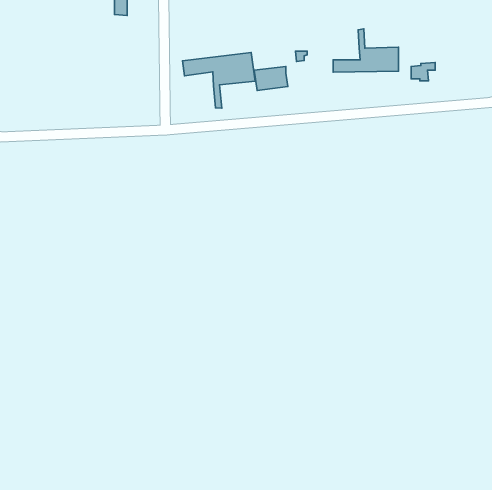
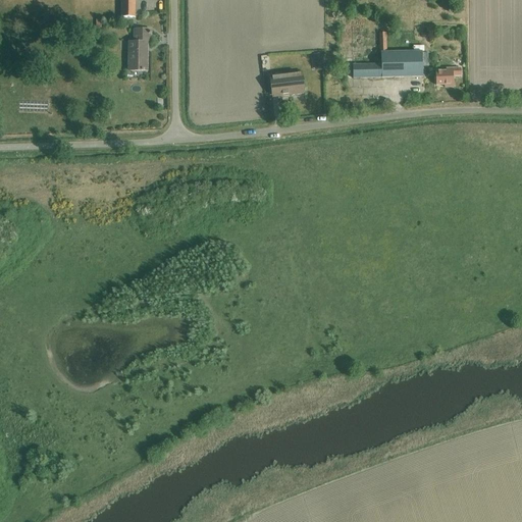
building: none -> [128,29,150,69]
building: [182,52,255,108] -> none

